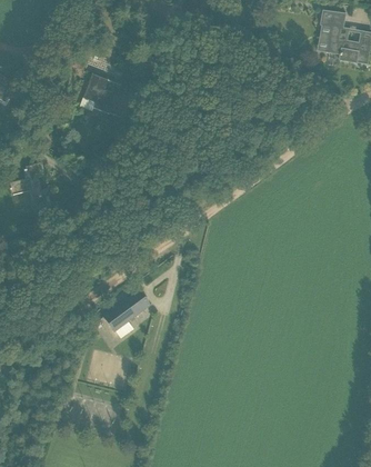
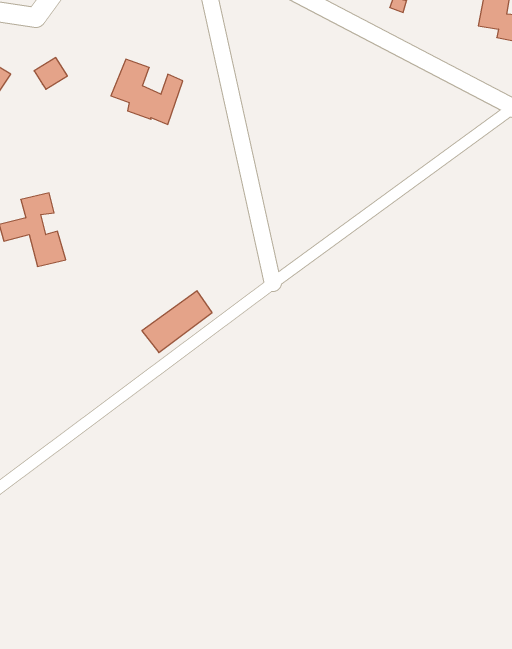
building: [102,289,149,330] -> [142,291,212,353]

